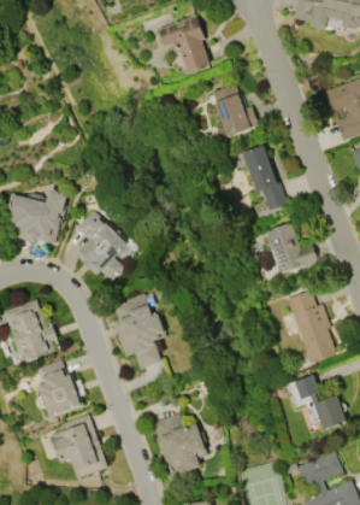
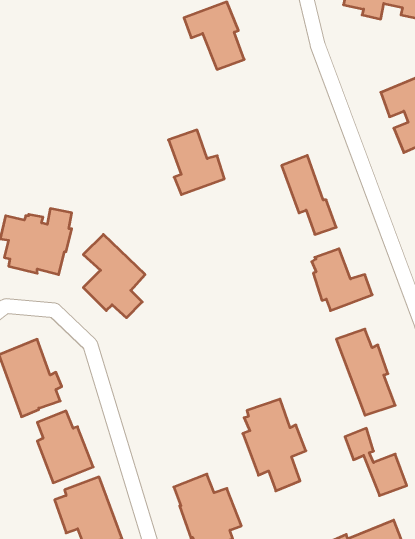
building: [211,84,258,139] -> [168,130,224,195]
building: [112,293,165,370] -> [243,399,306,491]

